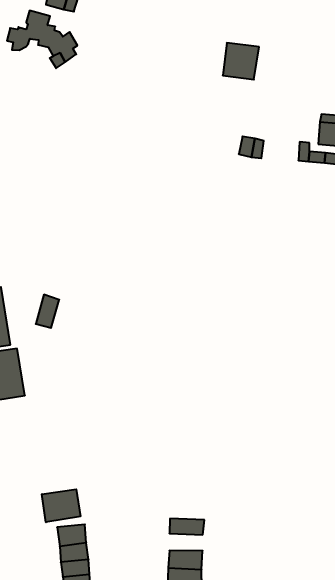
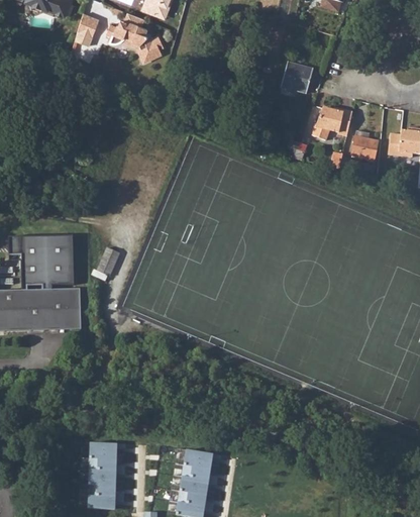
building: none -> [312,108,352,140]
building: [42,489,80,522] -> none
building: none -> [181,458,210,477]

